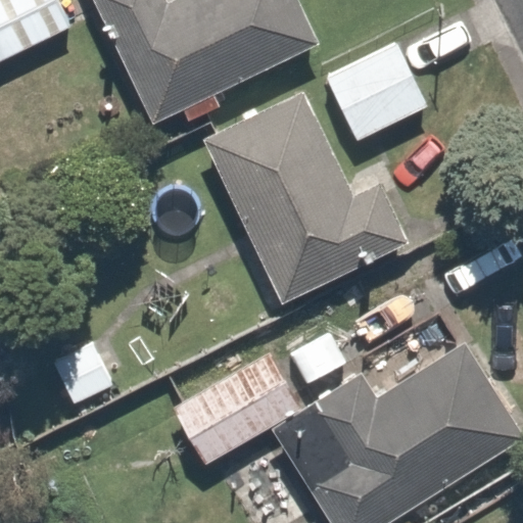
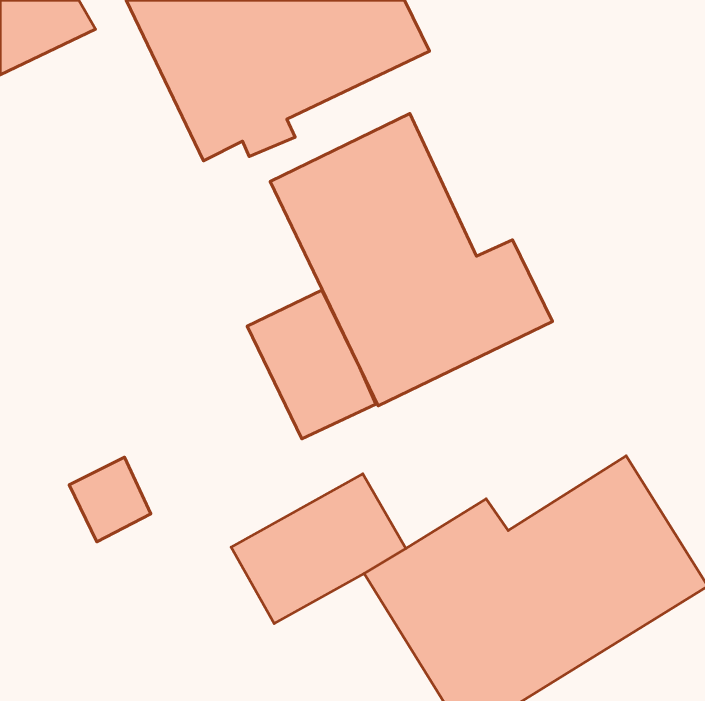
building: [326,43,429,141] -> none
building: none -> [247,290,376,439]

